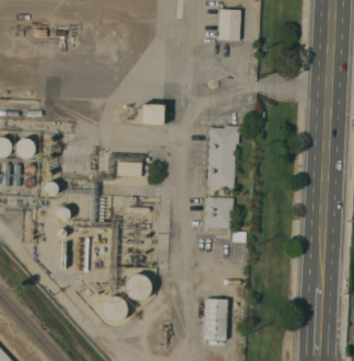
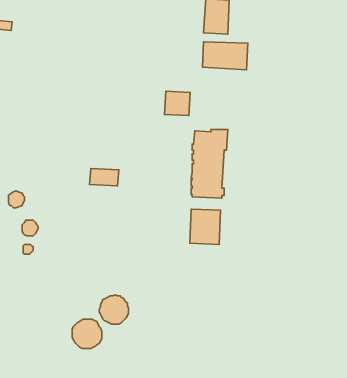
building: none -> [202,42,248,70]
building: [141,103,164,125] -> [165,91,190,116]
building: [203,299,227,340] -> none

